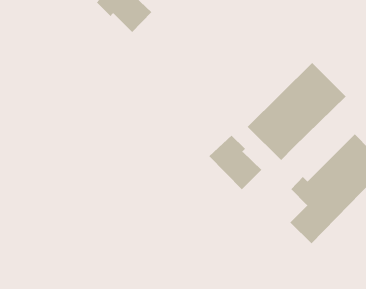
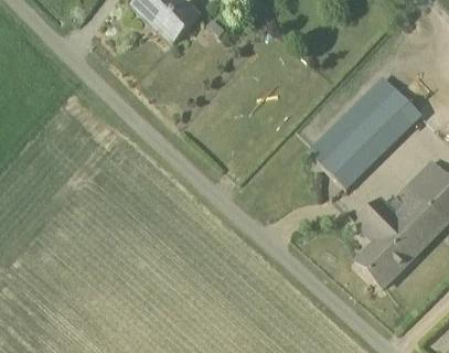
building: [209,135,262,190] -> none

